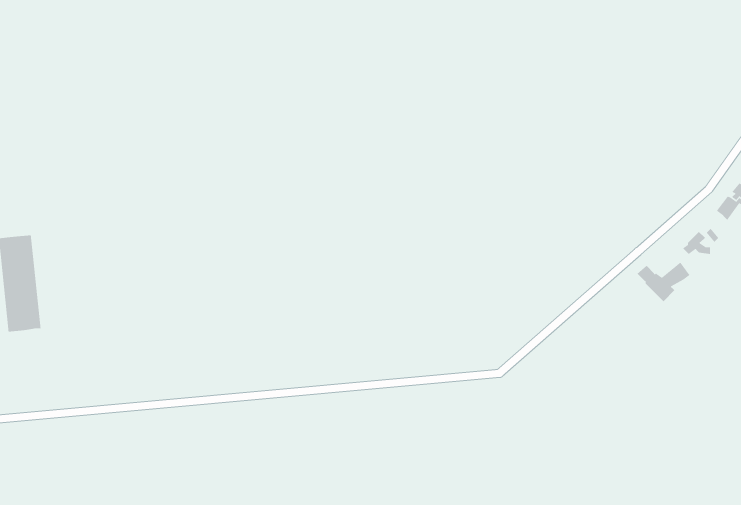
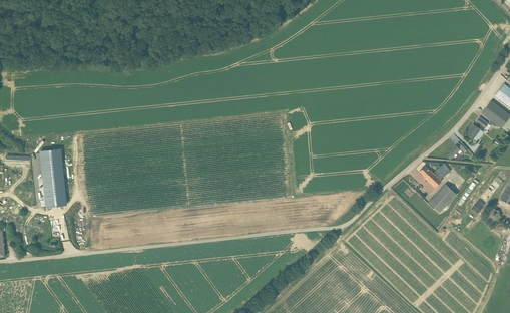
building: none -> [428,184,457,213]

